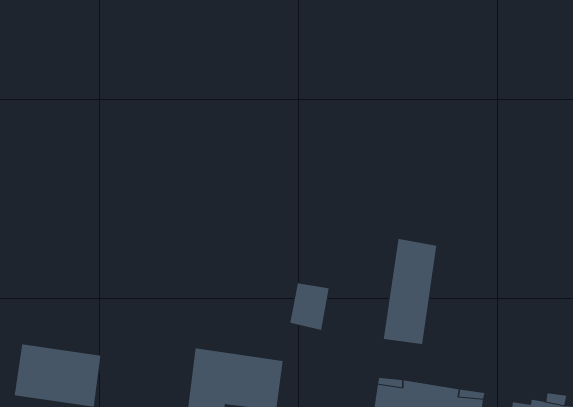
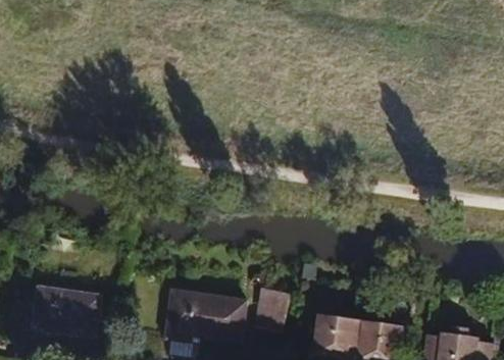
building: [383,238,437,345] -> none
building: [290,283,329,331] -> [255,290,287,327]

